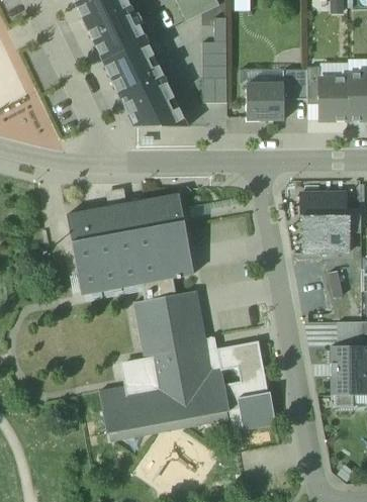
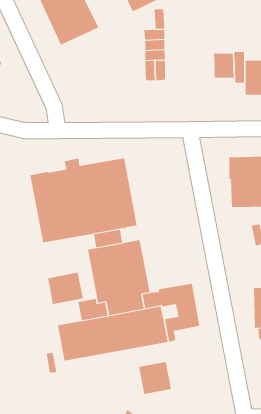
building: [102,39,187,125] -> none
building: [246,83,283,119] -> none
building: none -> [47,272,84,305]
building: [237,391,276,429] -> [138,362,172,394]

